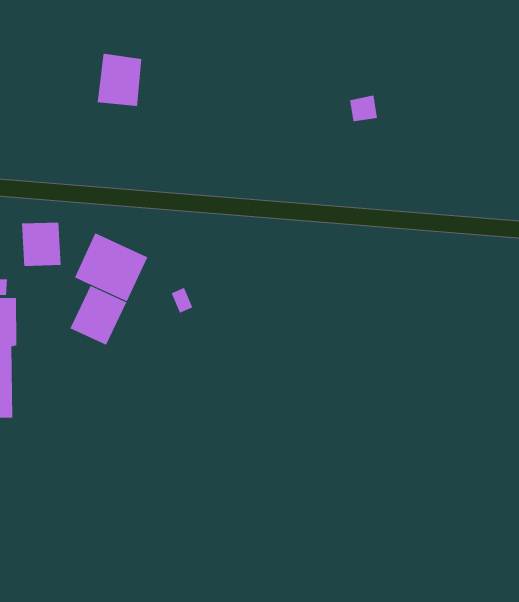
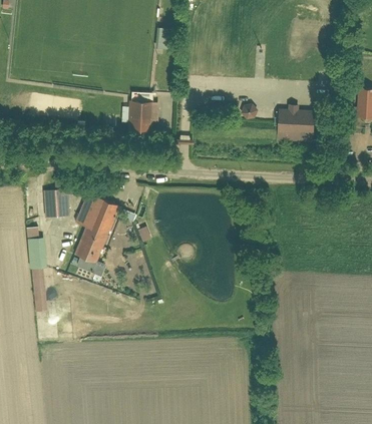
building: [97,53,142,107] -> [131,98,157,129]
building: none -> [277,107,314,137]

